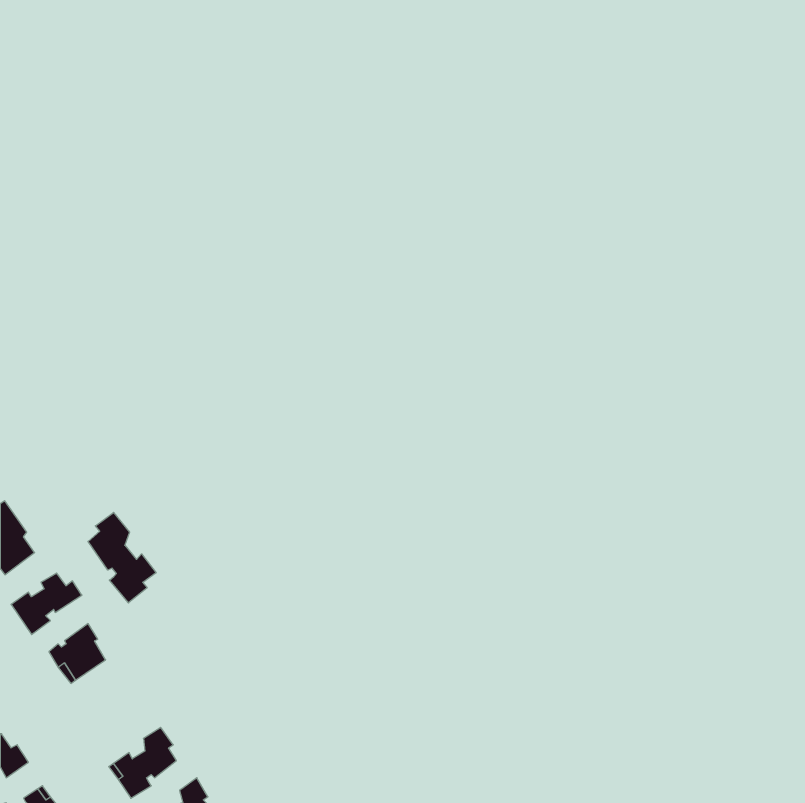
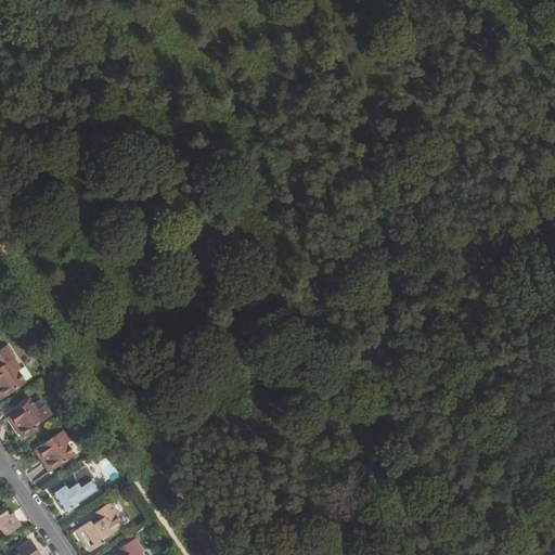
building: [88,512,156,603] -> none
building: none -> [52,465,100,513]

